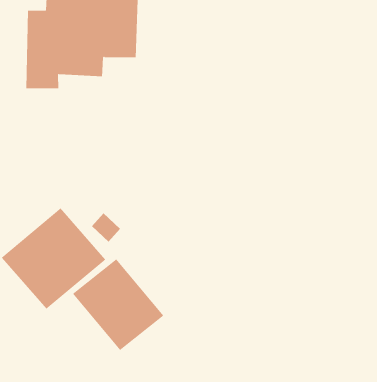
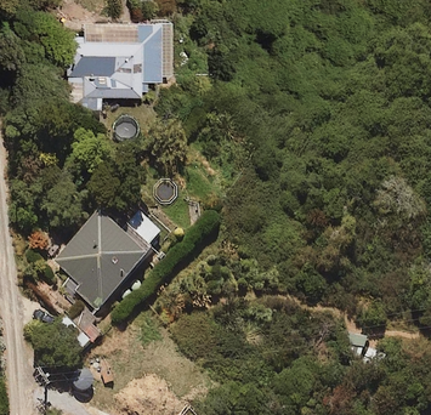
building: [72,259,164,351] -> none

